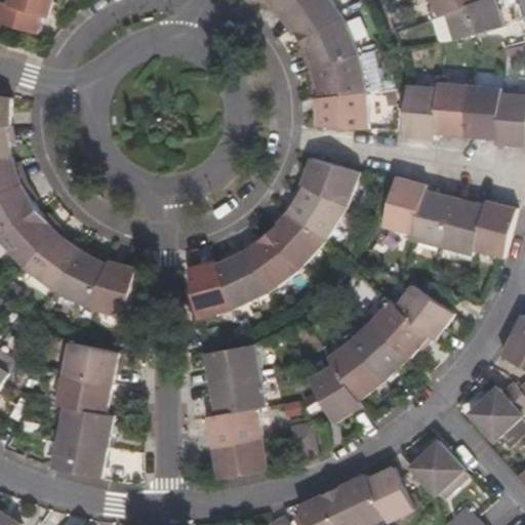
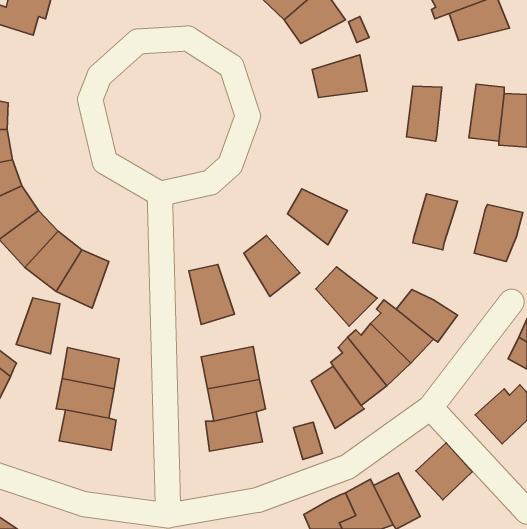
building: [297,19,356,69] -> none
building: [432,80,471,136] -> none
building: [314,90,368,128] -> none
building: [298,159,356,208] -> none
building: [377,179,422,235] -> none
building: [438,199,480,254] -> none
building: [264,211,324,270] -> [316,267,377,326]
building: [215,250,267,311] -> none
building: [91,258,134,314] -> [16,298,60,354]
building: [52,436,110,475] -> none
building: [207,437,267,483] -> none

